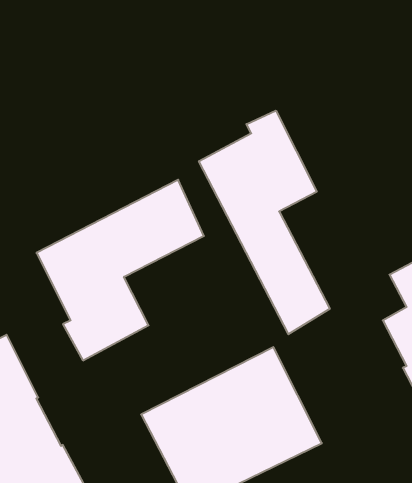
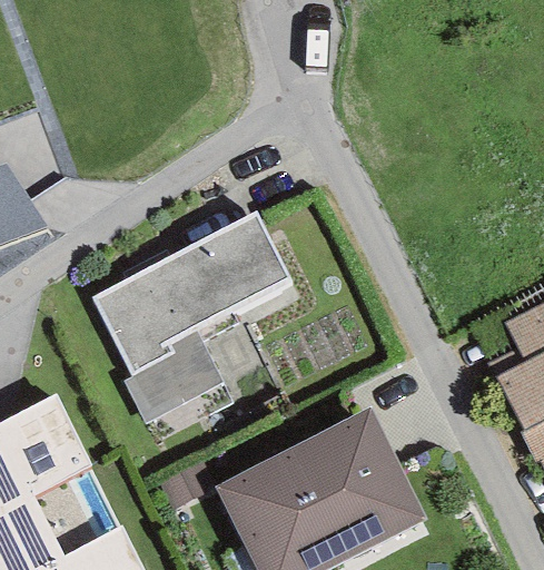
building: [199,111,330,334] -> none

